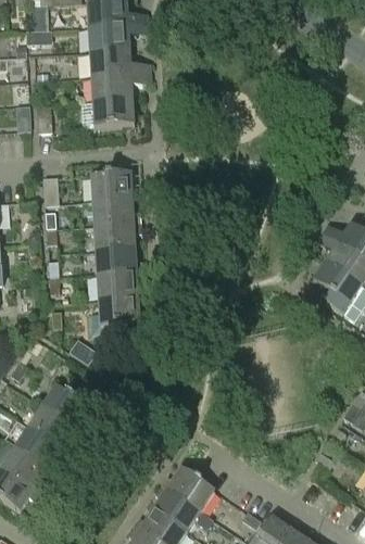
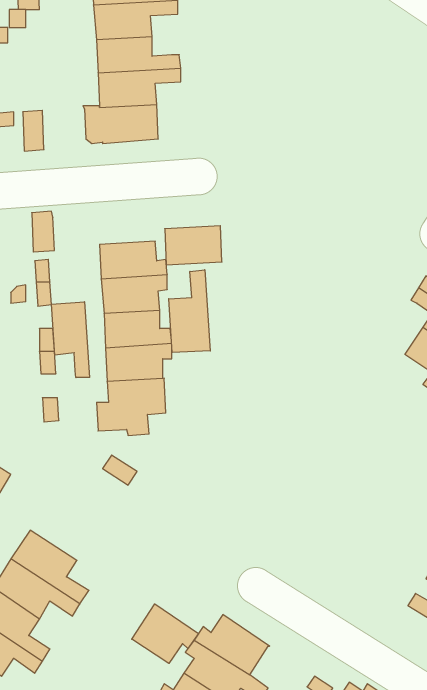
building: [90,170,131,199] -> [165,226,222,265]
building: none -> [169,270,210,352]
building: none -> [51,302,90,378]
building: [41,383,89,427] -> none
building: none -> [132,604,199,663]

